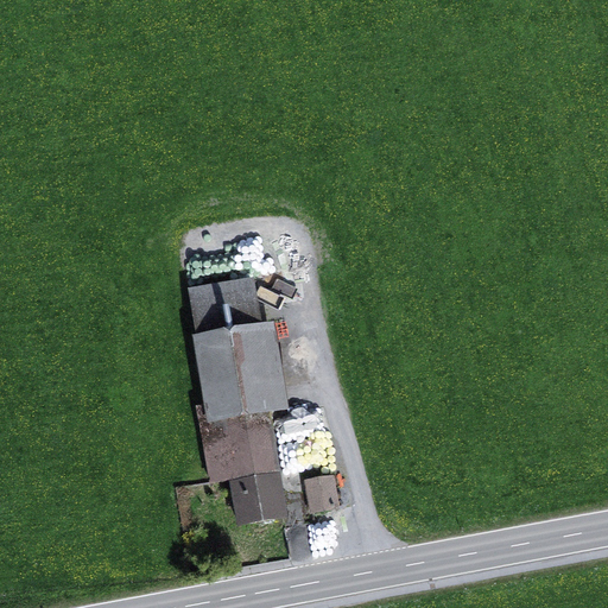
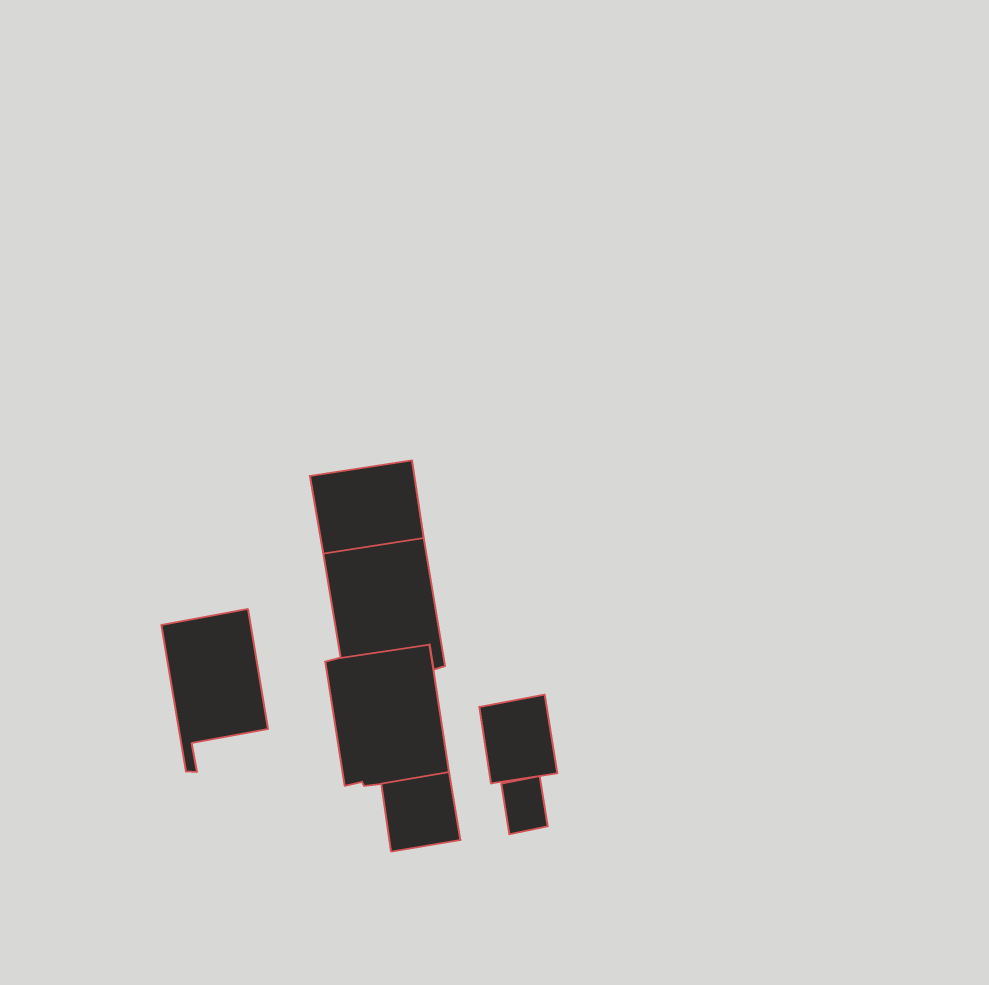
building: none -> [162,609,268,772]
building: none -> [479,695,557,784]

